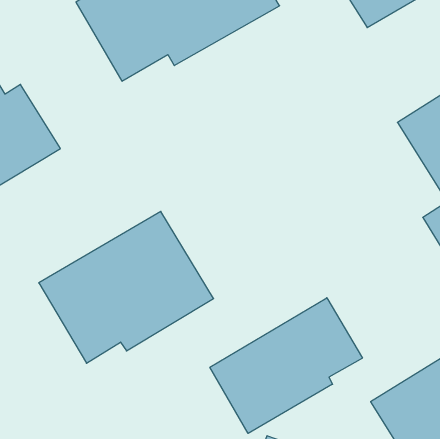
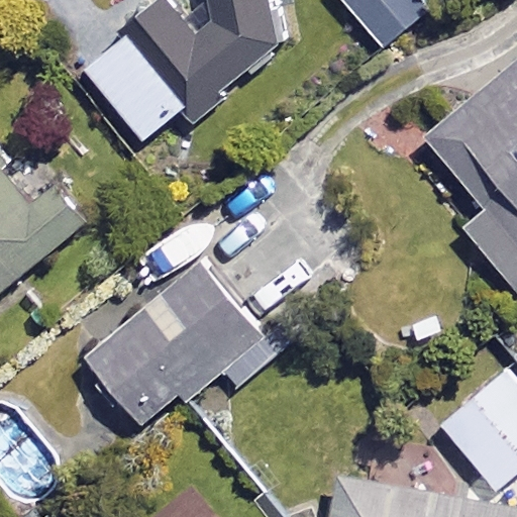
building: [210,298,362,433] -> none

